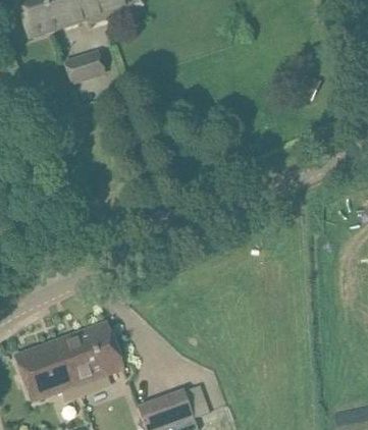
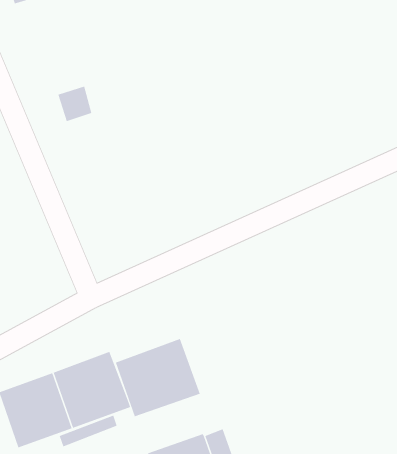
building: [64,53,93,83] -> [57,86,92,122]
building: none -> [115,338,200,417]

